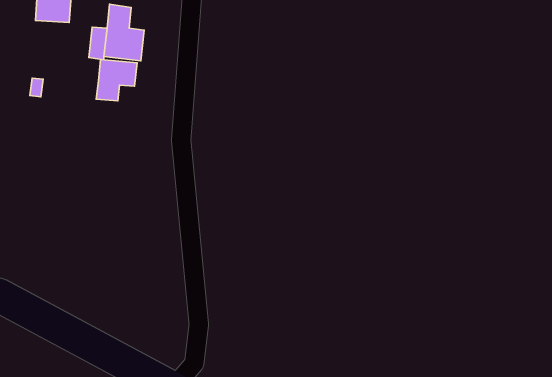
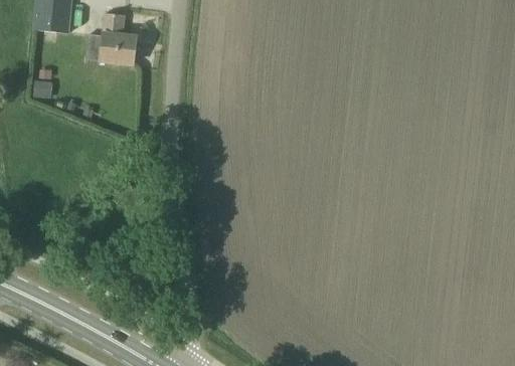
building: [96,59,137,101] -> none

